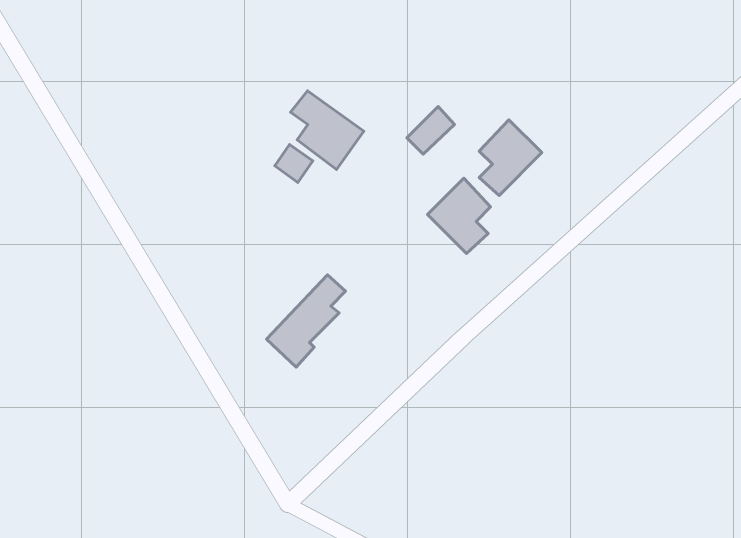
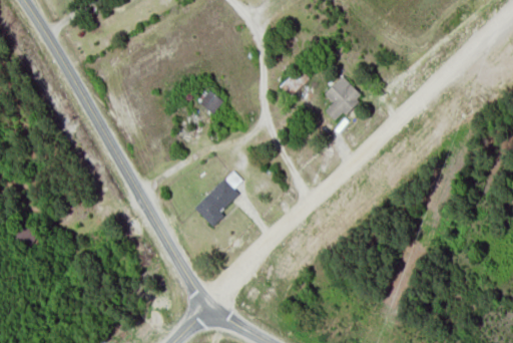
building: [291,91,364,169] -> none
building: [427,178,491,254] -> none

